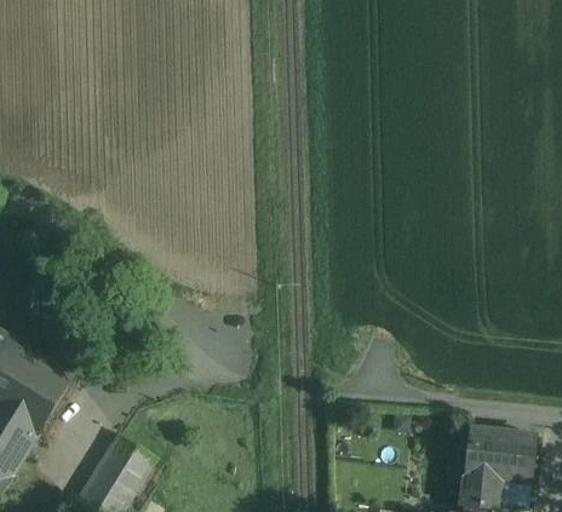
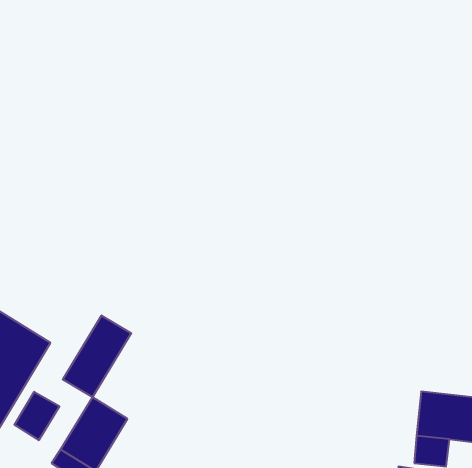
building: none -> [63,315,131,397]
building: none -> [14,392,59,440]

